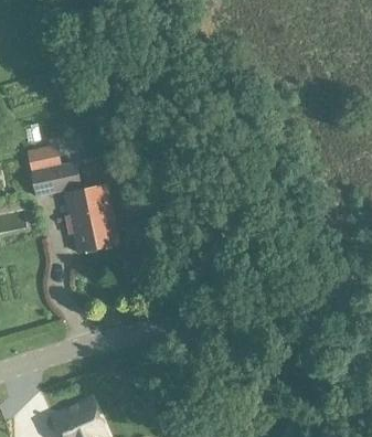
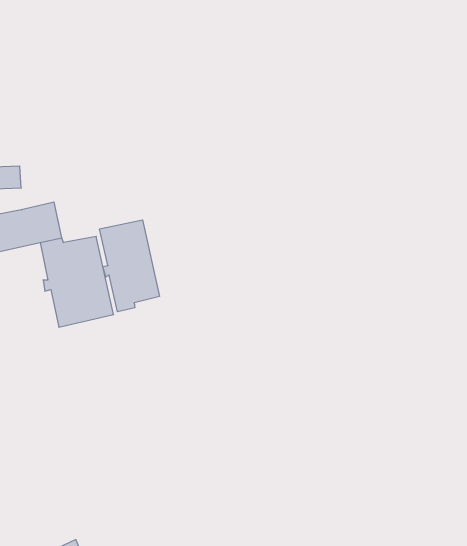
building: none -> [100,220,159,312]

